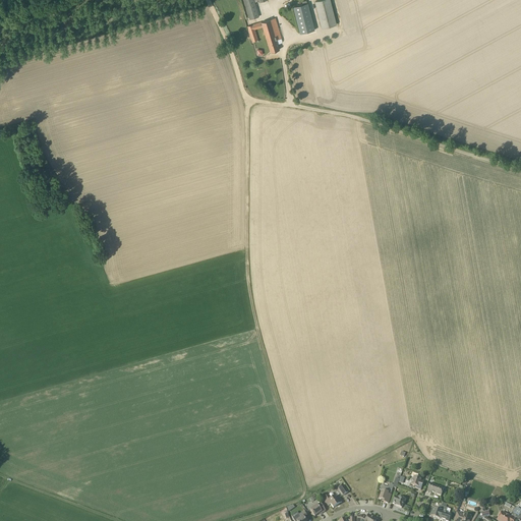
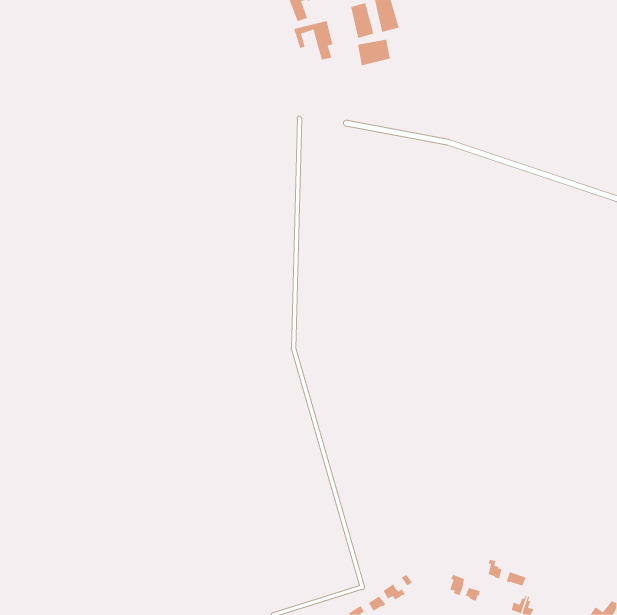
building: none -> [357,39,391,66]

